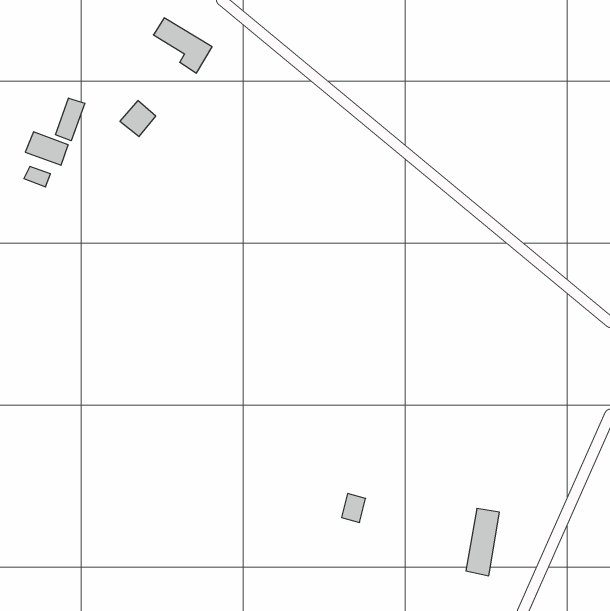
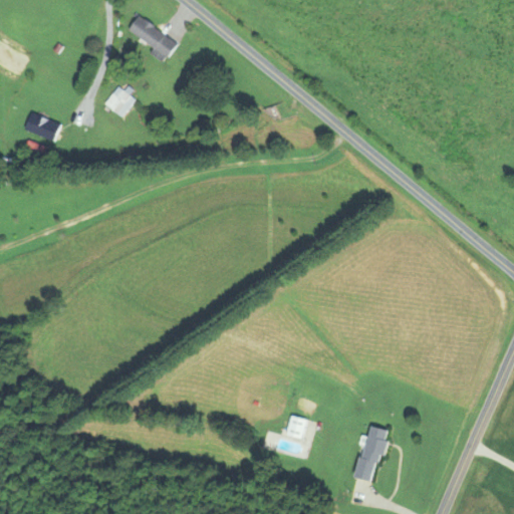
building: [55,98,85,141] -> none
building: [466,509,499,576] -> [359,425,388,481]

